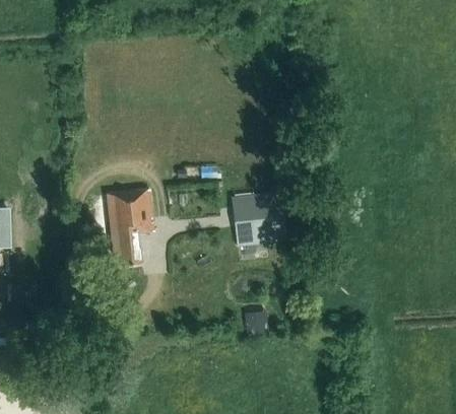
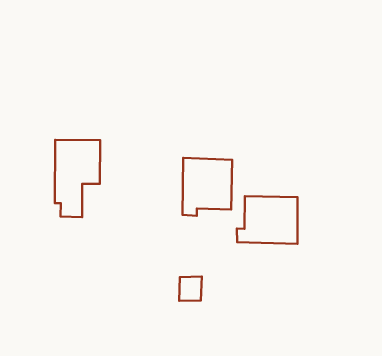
building: none -> [237,196,298,244]

